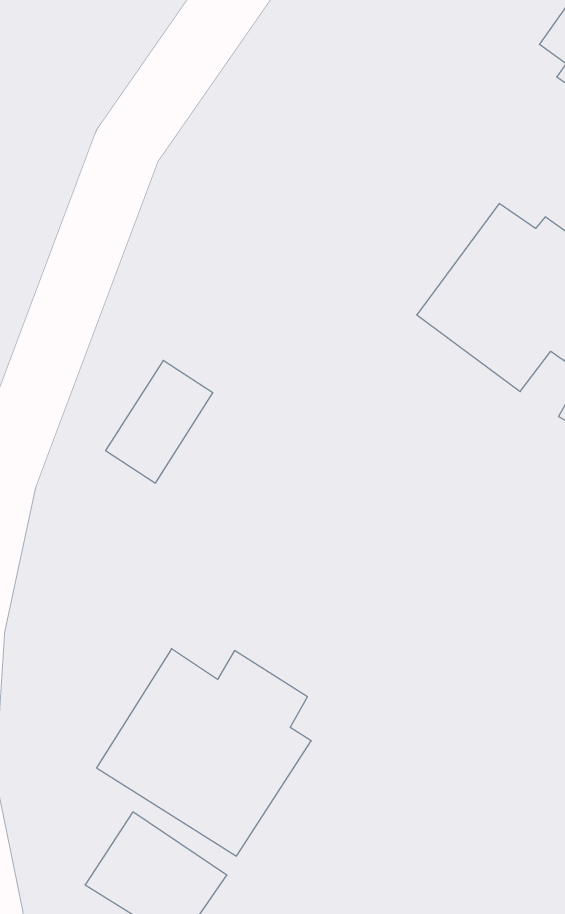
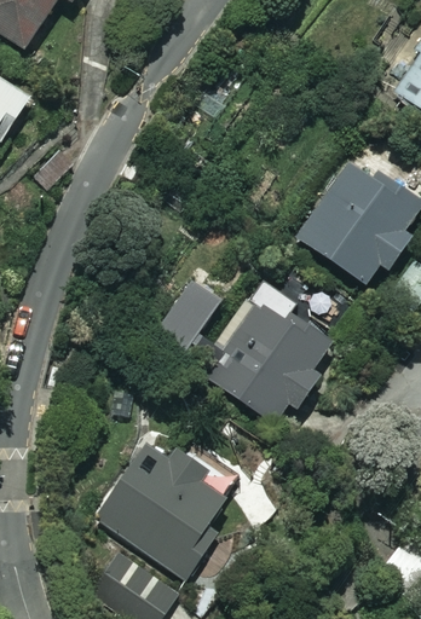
building: [106,360,213,483] -> [152,282,220,359]
building: none -> [208,287,329,428]

